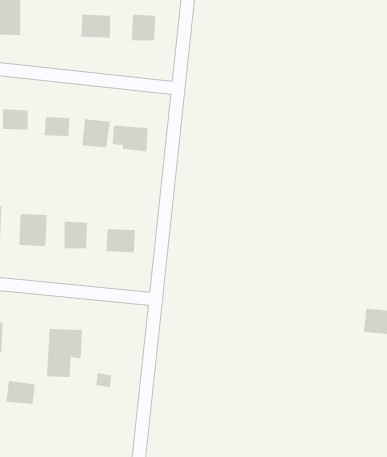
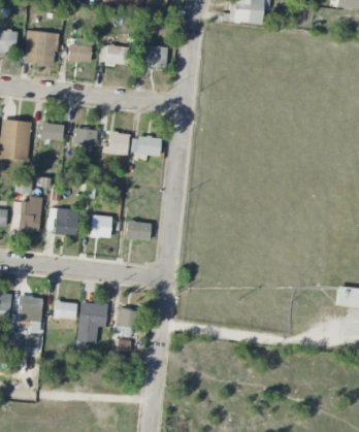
building: none -> [67,44,91,63]
building: none -> [116,308,140,334]
building: [6,380,36,404] -> [52,300,76,320]

